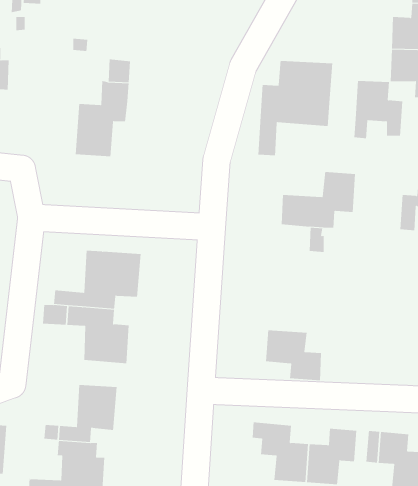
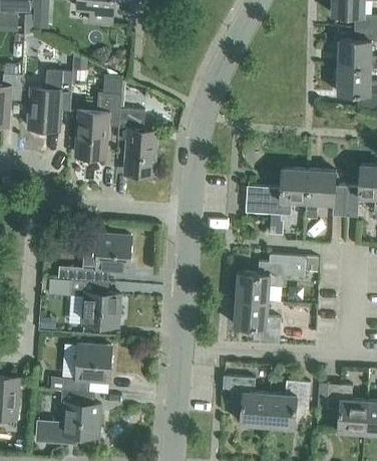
building: none -> [28,70,72,131]
building: [258,60,333,156] -> none
building: [353,81,403,139] -> [305,170,346,218]
building: none -> [116,109,155,174]
building: none -> [235,254,317,301]

